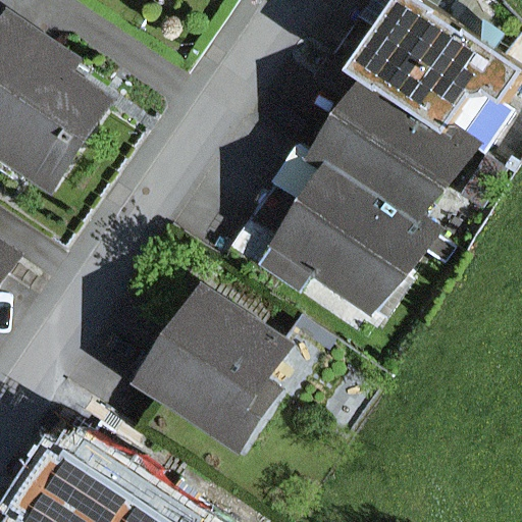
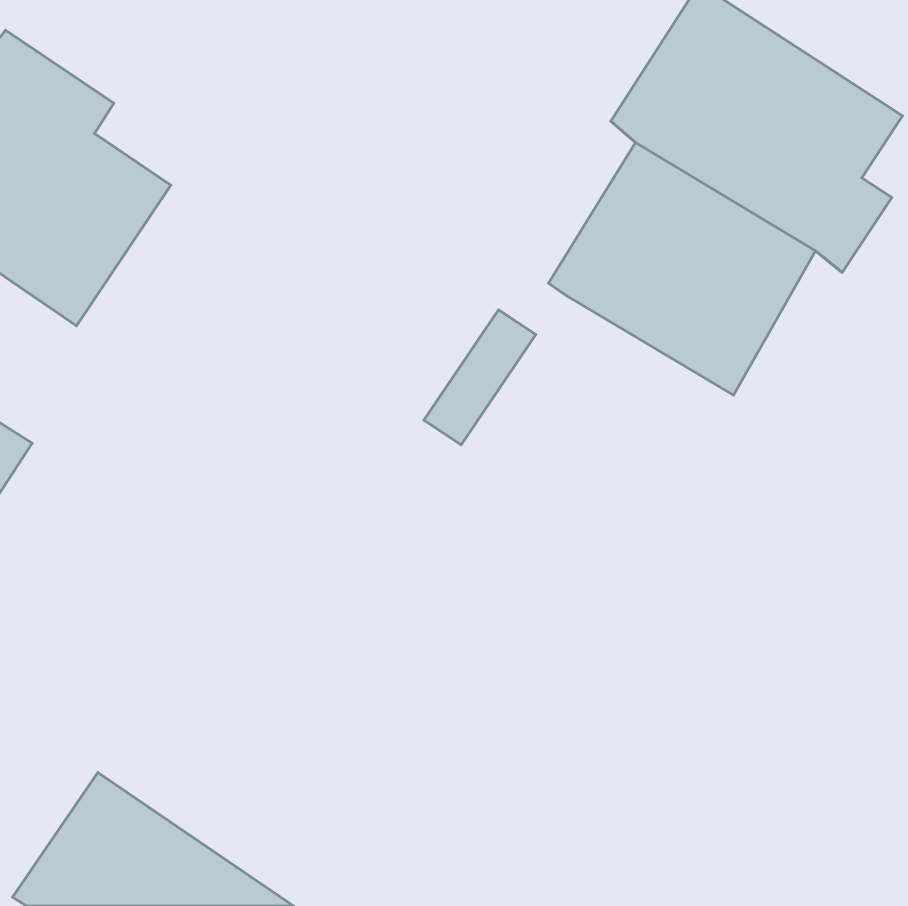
building: [262,169,420,307] -> none
building: [149,293,285,446] -> none

